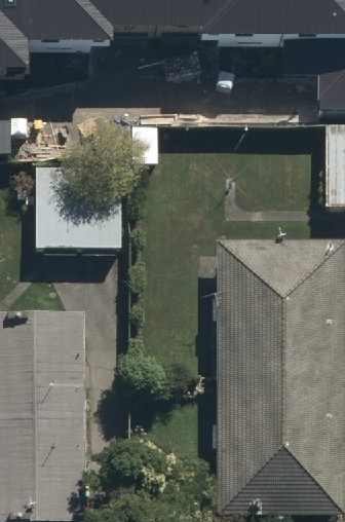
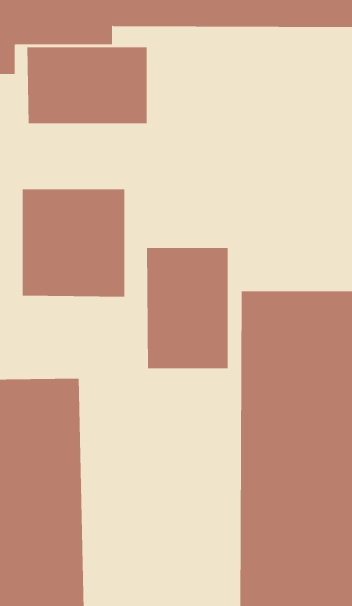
building: none -> [27,47,147,124]
building: none -> [147,247,228,369]

